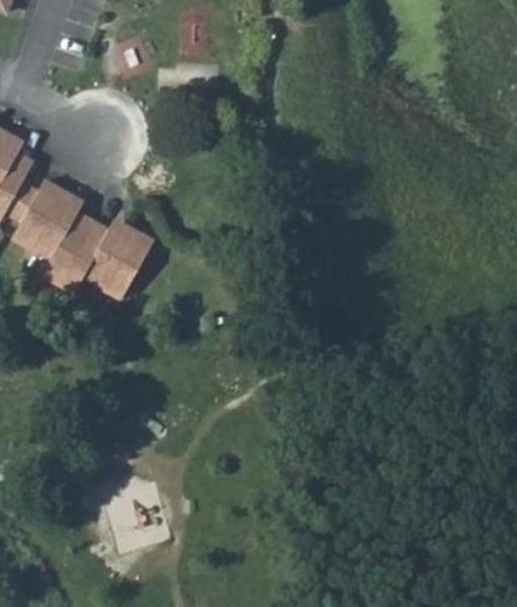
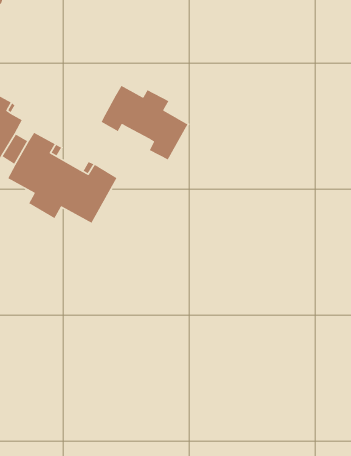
building: none -> [101,85,189,161]

